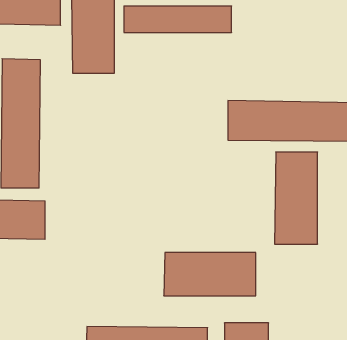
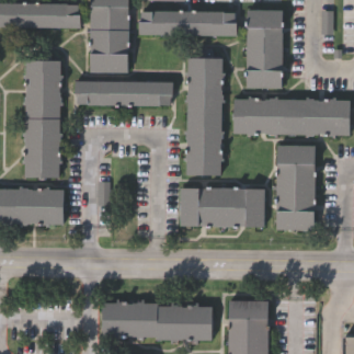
building: none -> [245,10,282,88]
building: none -> [186,57,221,175]
building: none -> [76,81,172,105]
building: [164,253,256,296] -> [180,187,264,227]

